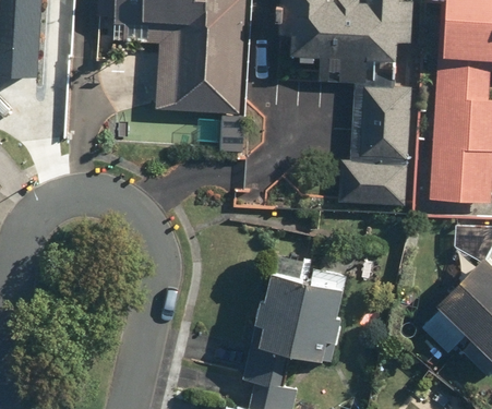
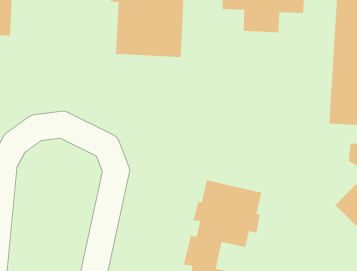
building: [340,84,413,205] -> none

